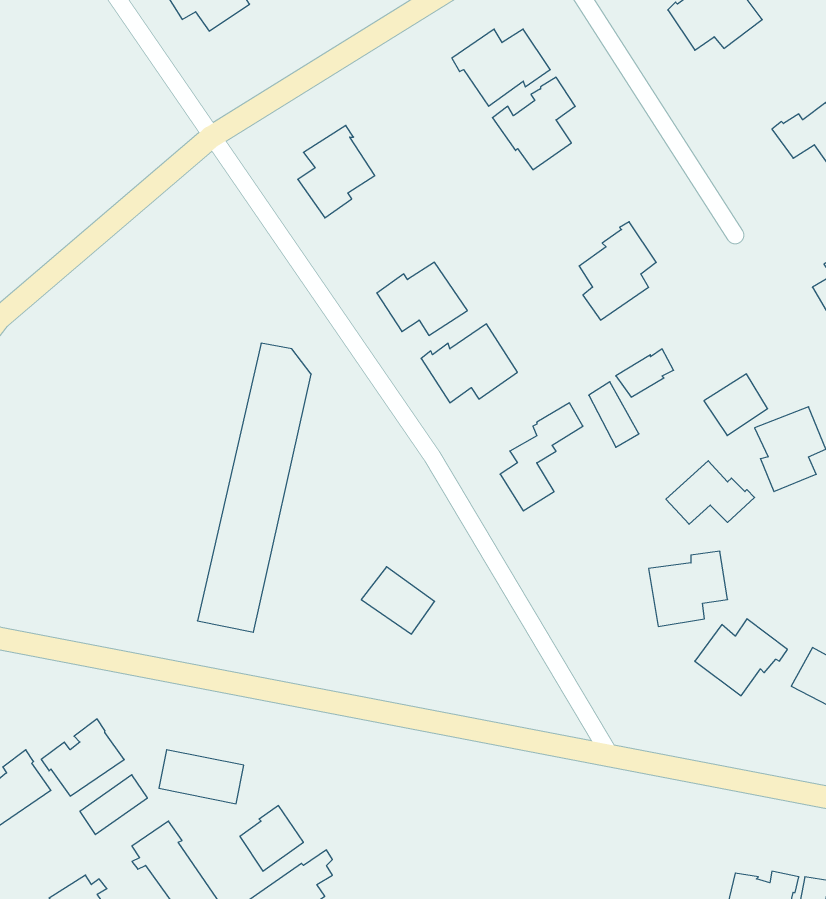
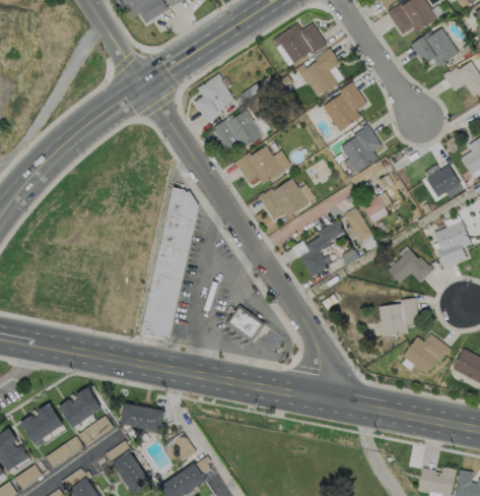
building: none -> [411,28,459,67]
building: none -> [323,81,365,131]
building: none -> [211,110,262,149]
building: [704,374,768,436] -> [425,165,459,197]

